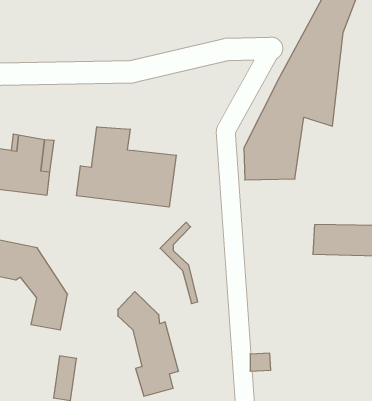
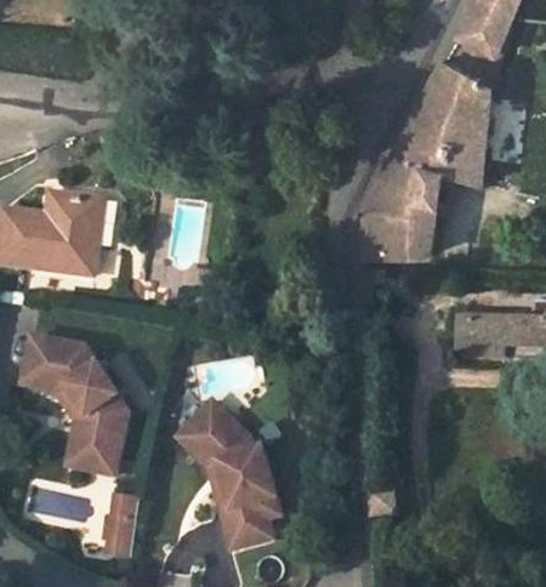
building: [77,127,176,207] -> none
building: [160,222,198,304] -> [175,399,226,509]
building: none -> [55,386,115,472]

